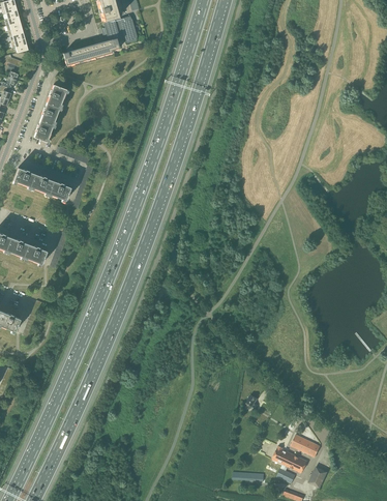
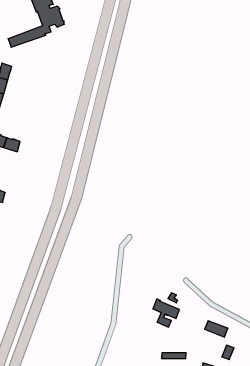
building: [272,445,306,482] -> [153,299,179,327]

